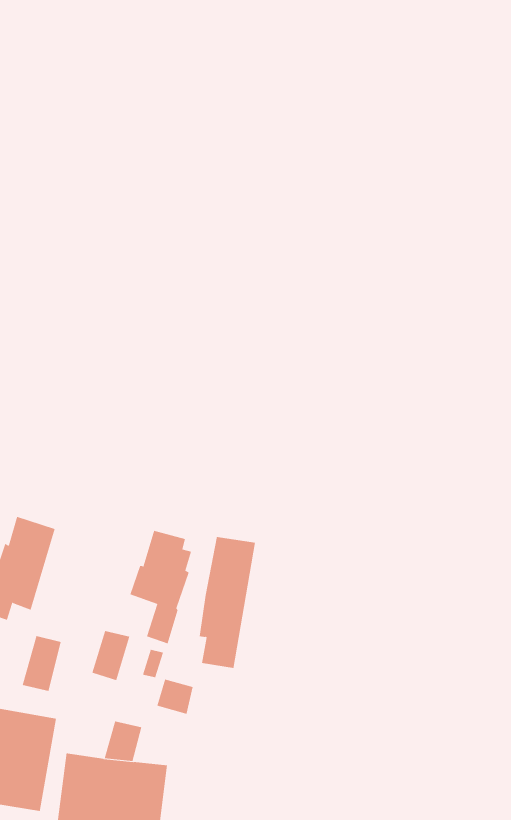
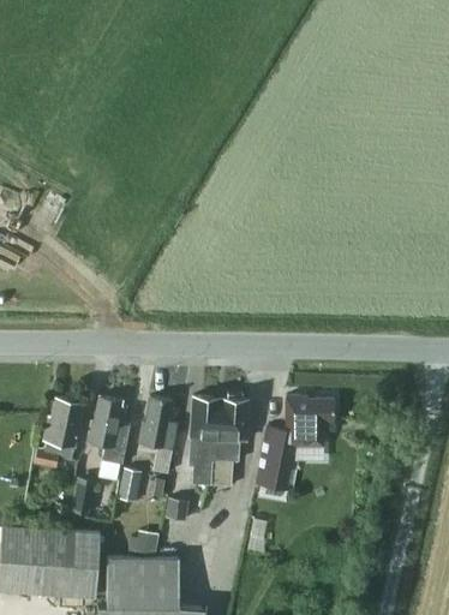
building: none -> [88,398,131,465]
building: none -> [215,399,249,488]
building: none -> [256,396,334,492]

